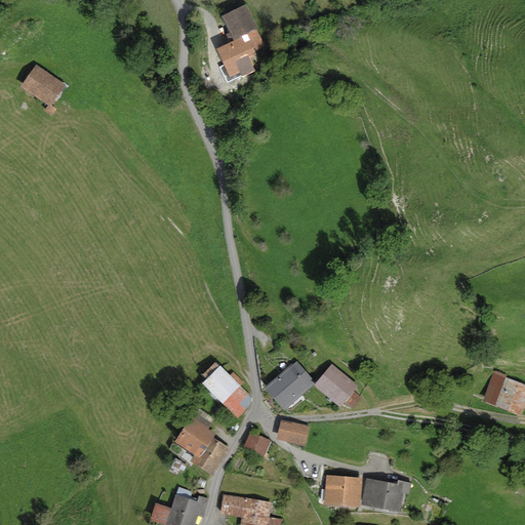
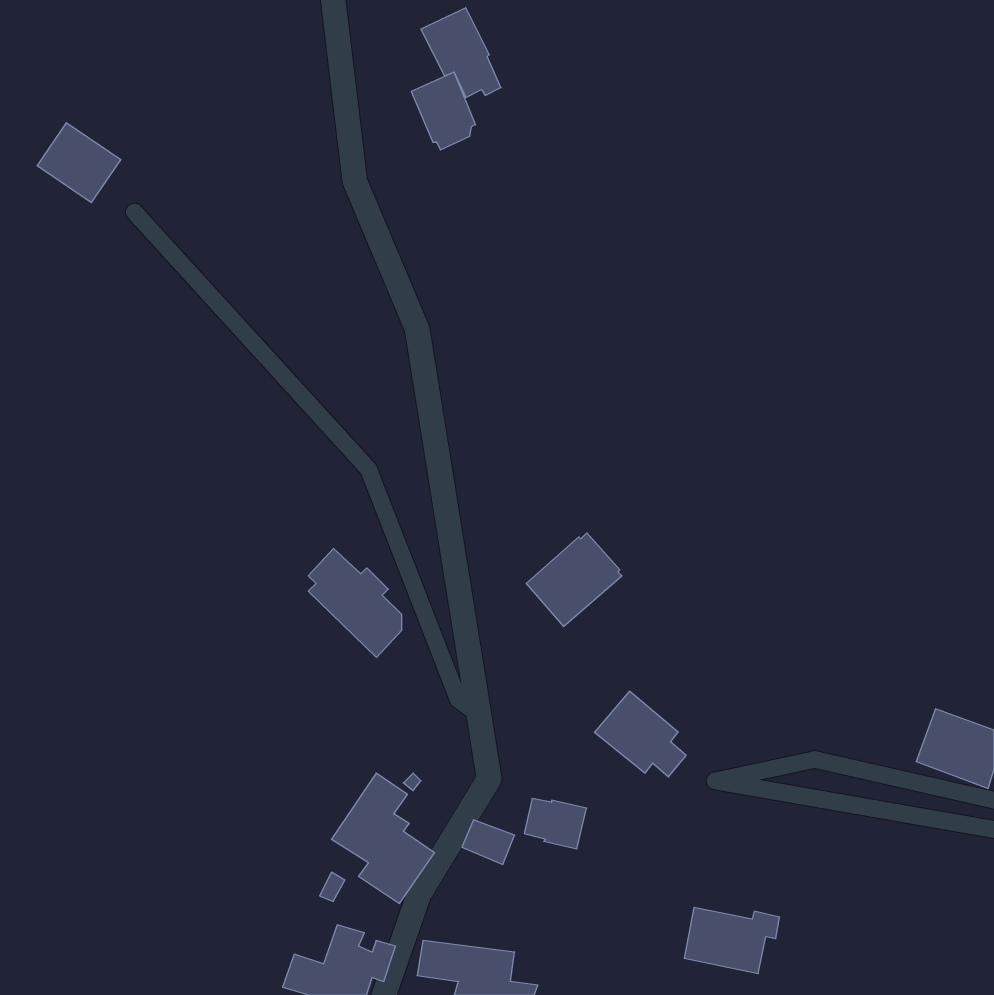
building: [201,361,250,418] -> [308,548,402,657]
building: [264,361,314,410] -> [526,533,622,626]
building: [322,475,362,508] -> none

